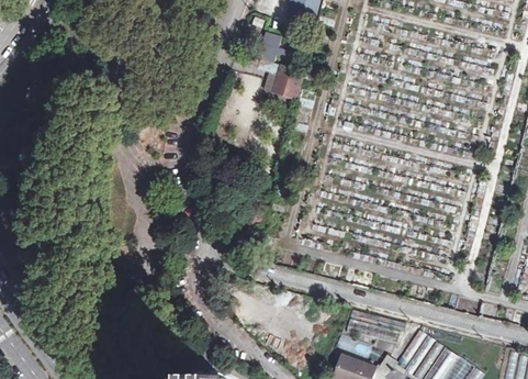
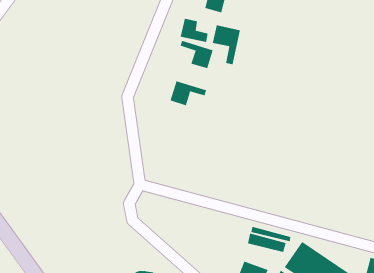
building: none -> [212,25,241,65]
building: none -> [170,80,207,106]

